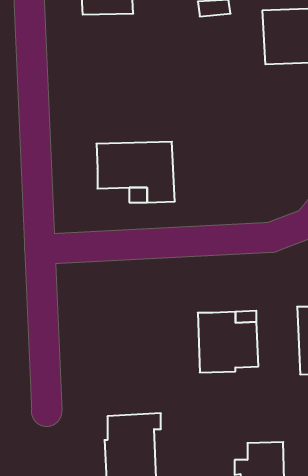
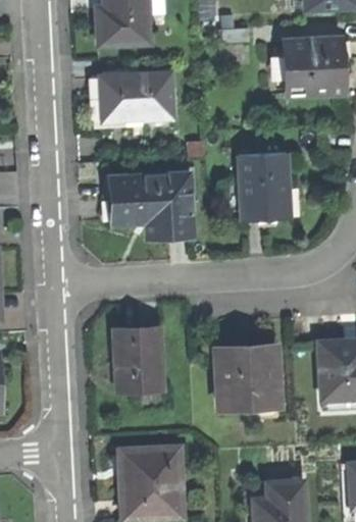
building: none -> [99,74,171,125]
building: none -> [240,153,289,221]
building: none -> [113,329,162,390]

